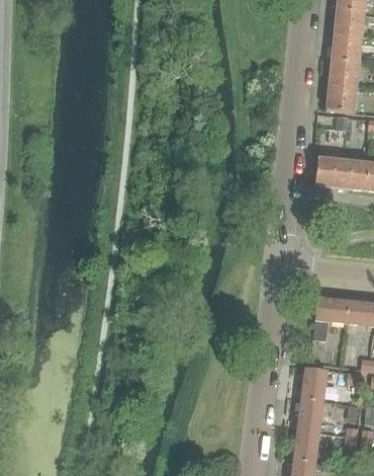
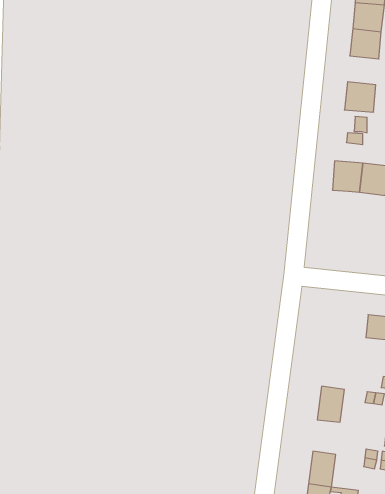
building: [330,59,359,86] -> none
building: [314,298,349,333] -> none
building: [297,399,322,431] -> none

